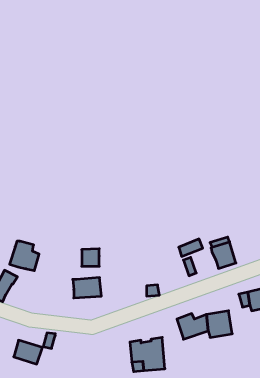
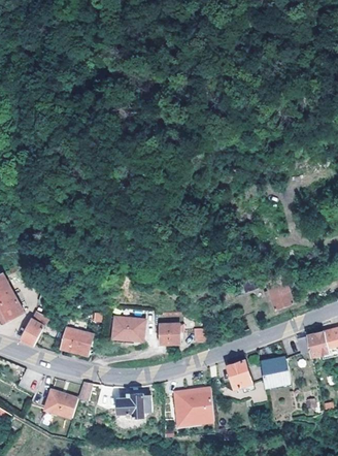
building: [10,241,39,271] -> [58,321,91,354]
building: [82,249,99,266] -> [159,324,178,344]
building: none -> [116,394,150,418]

